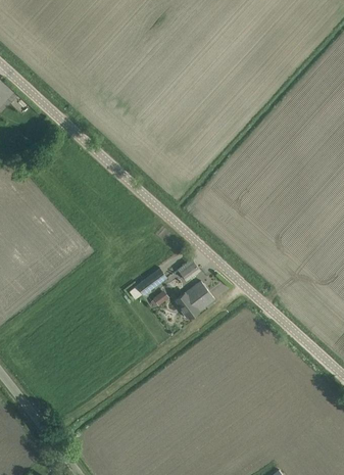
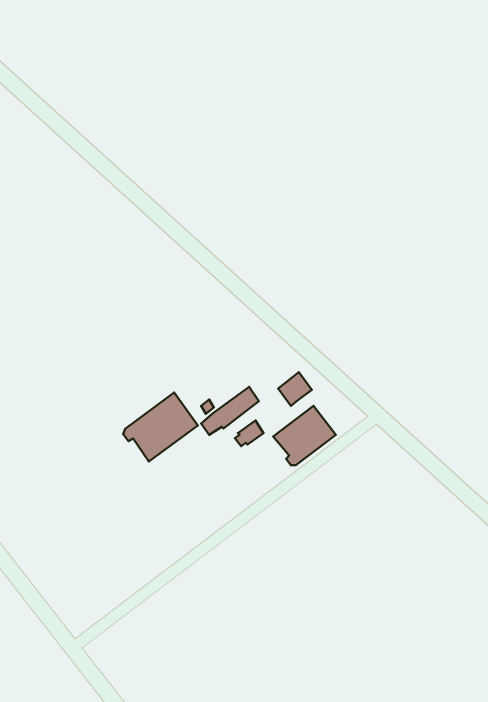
building: none -> [123,392,198,462]

